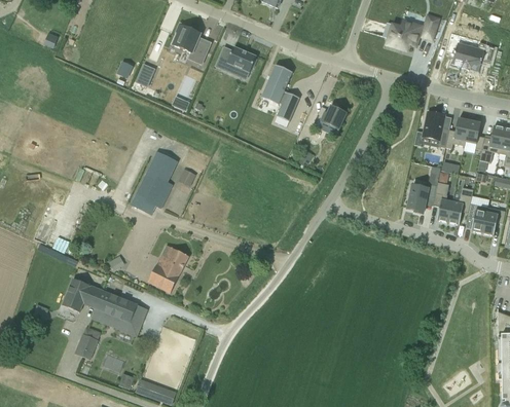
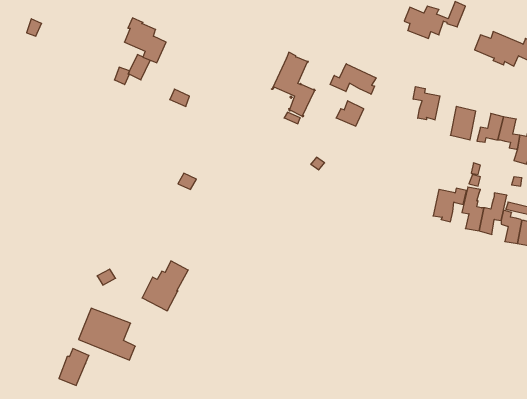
building: [173,23,210,63] -> [124,18,166,63]
building: [215,45,256,71] -> none
building: none -> [330,64,376,94]
building: none -> [413,87,440,120]
building: [131,151,178,214] -> none
building: [63,278,103,311] -> none

